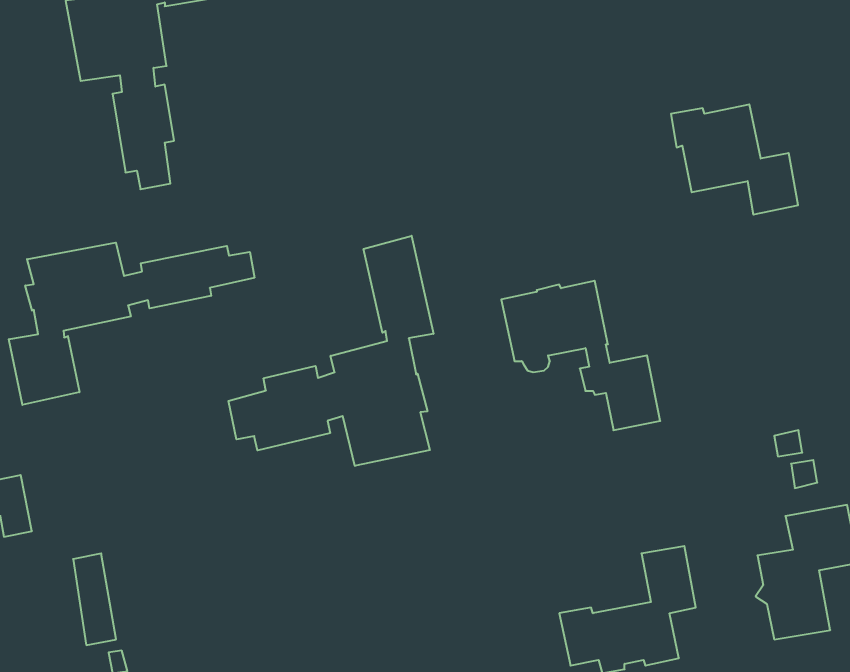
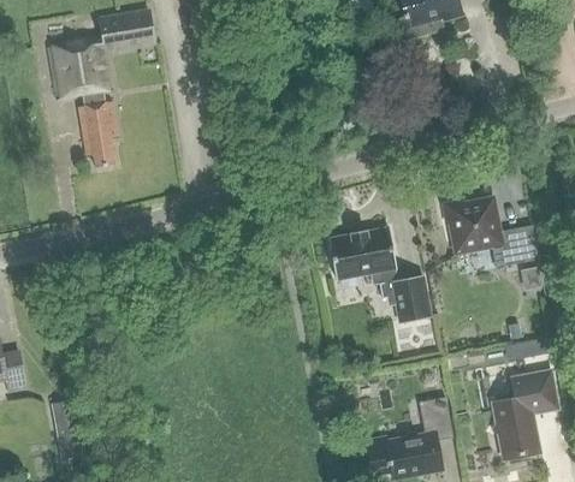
building: [671,104,798,215] -> [443,197,524,268]
building: [228,236,433,466] -> none
building: [9,243,254,405] -> none

